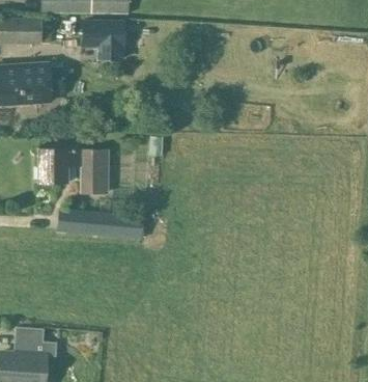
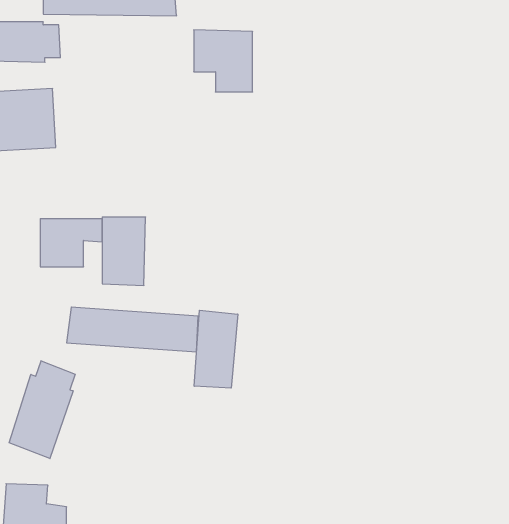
building: [84,22,123,63] -> [194,30,253,92]
building: none -> [194,310,238,388]
building: none -> [9,361,75,459]

